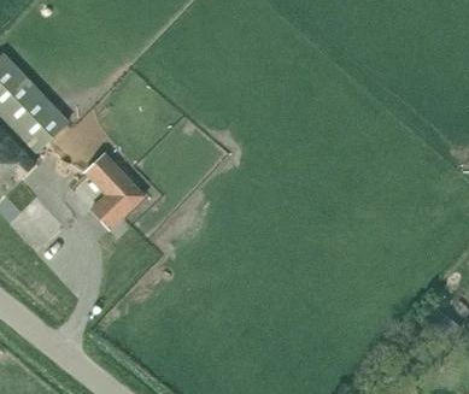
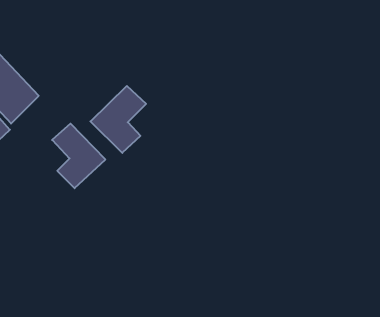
building: none -> [90,86,146,153]

